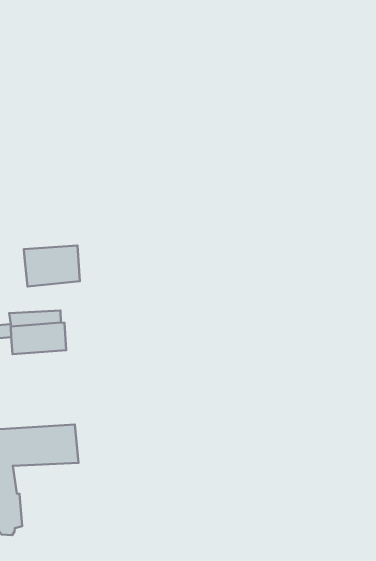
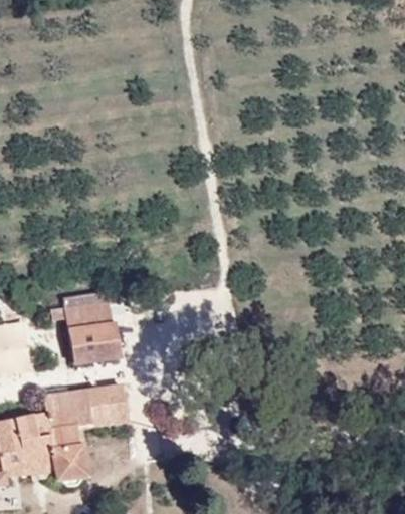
building: [24,245,80,286] -> [68,324,118,361]

